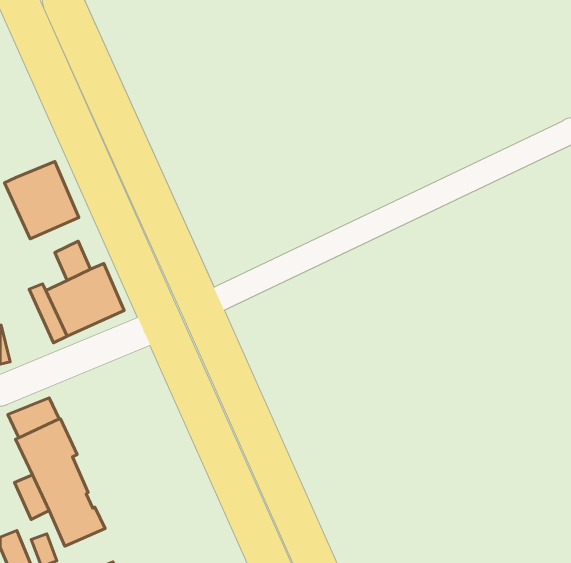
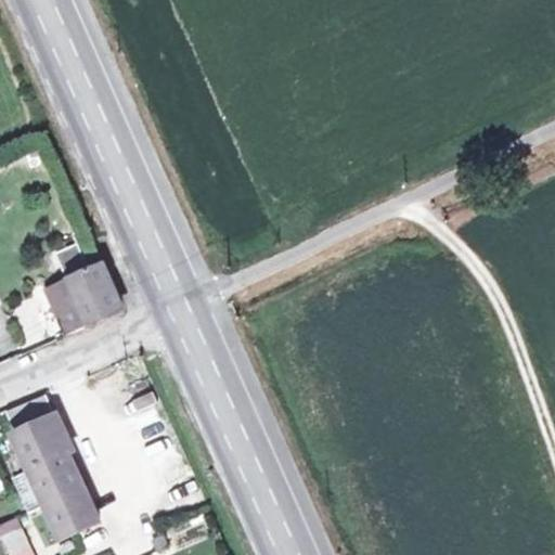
building: [5,162,79,239] -> none

